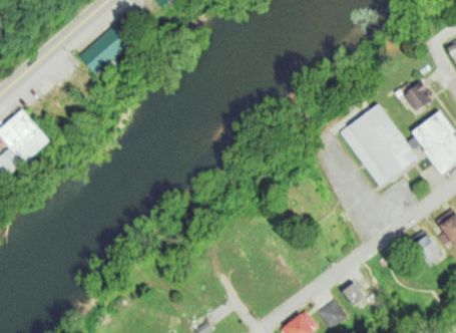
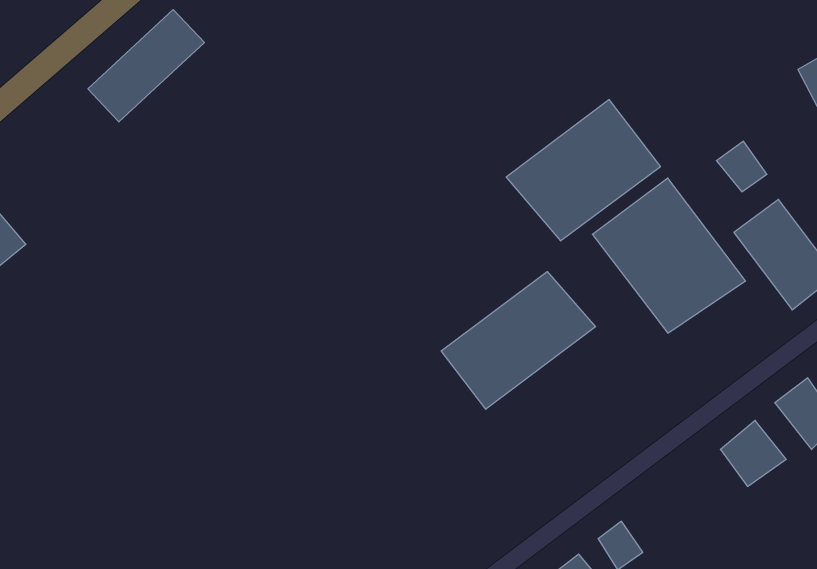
building: none -> [506,99,660,241]
building: none -> [441,272,595,409]

